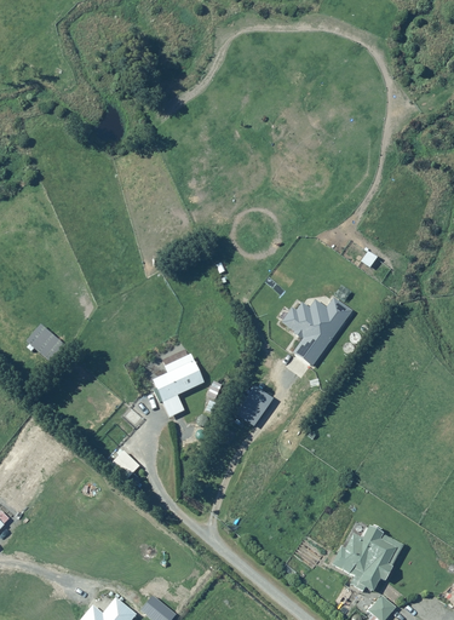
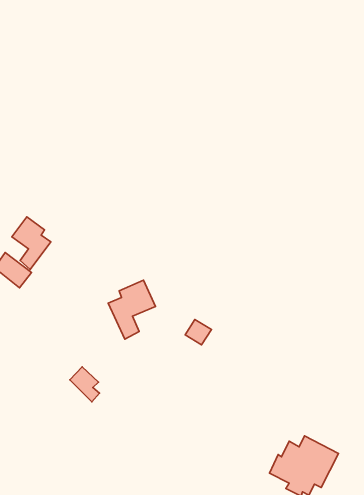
building: none -> [12,217,51,269]
building: [280,297,356,367] -> none

